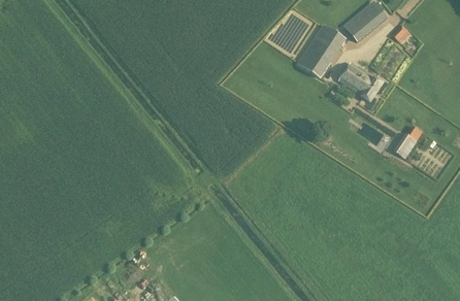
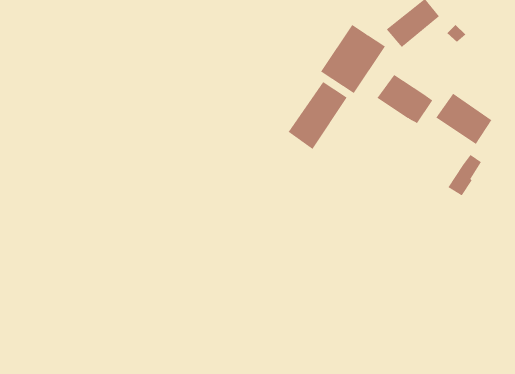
building: none -> [288,81,347,150]
building: none -> [436,93,492,145]

